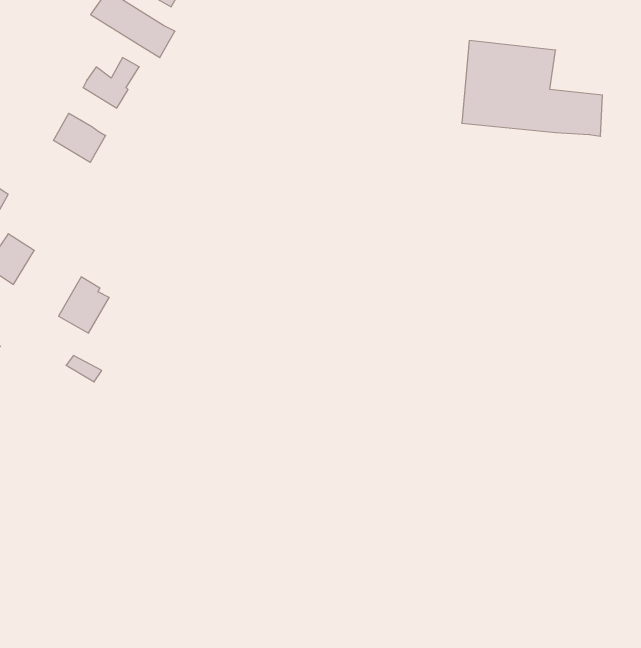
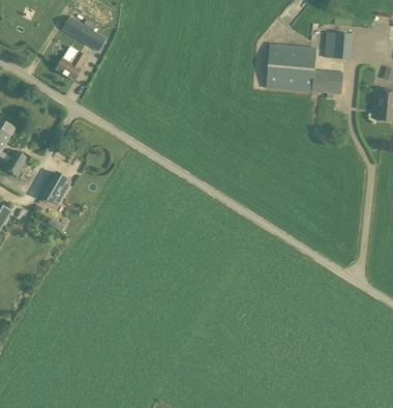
building: none -> [324,32,352,60]
building: [53,113,106,162] -> none

